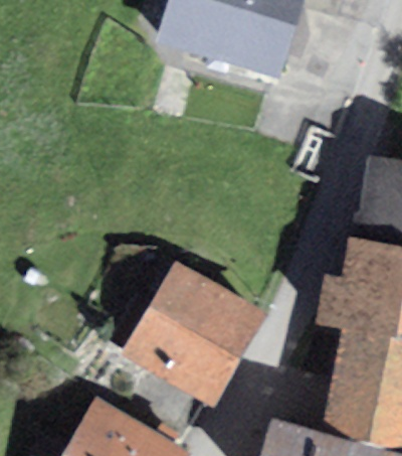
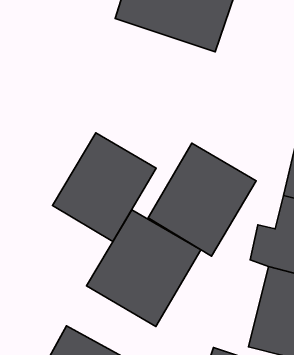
building: none -> [52,133,156,242]
building: none -> [148,143,256,256]

